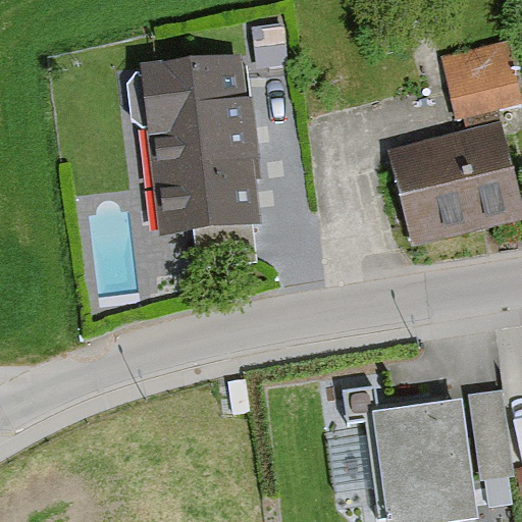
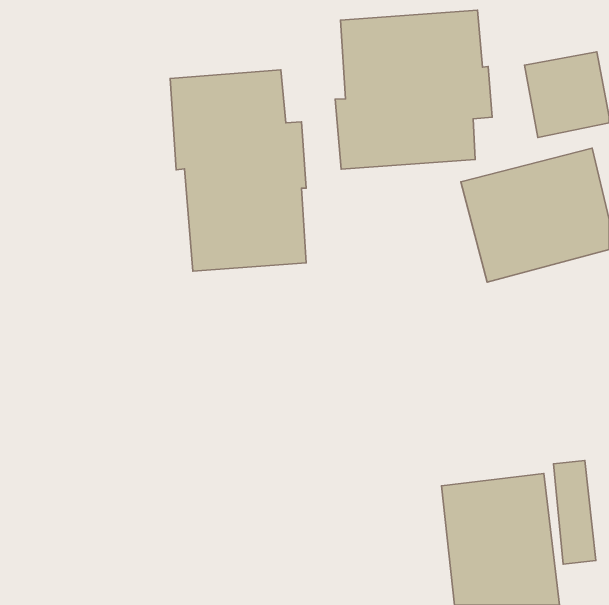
building: none -> [335,10,492,169]

